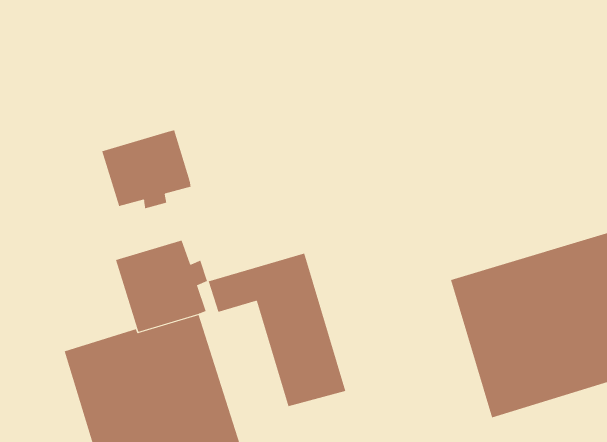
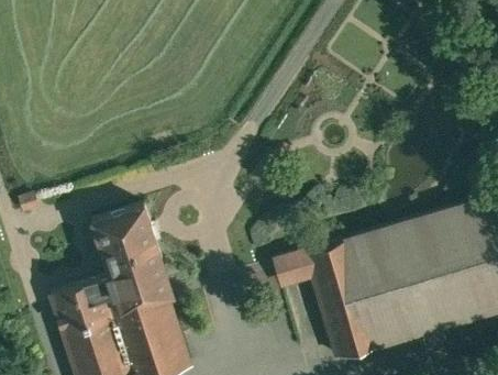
building: [102,129,191,209] -> none
building: [208,253,346,407] -> [275,239,381,357]

